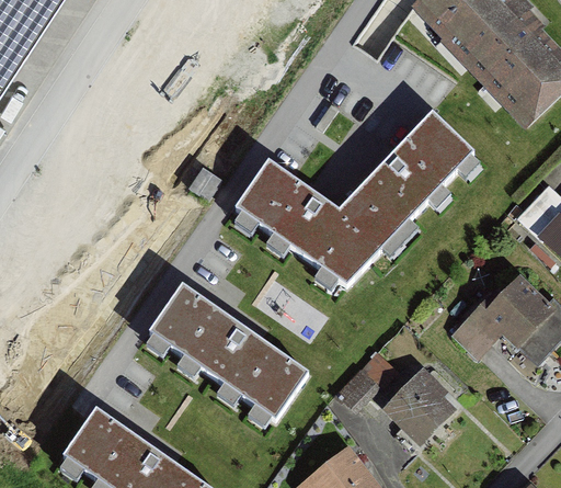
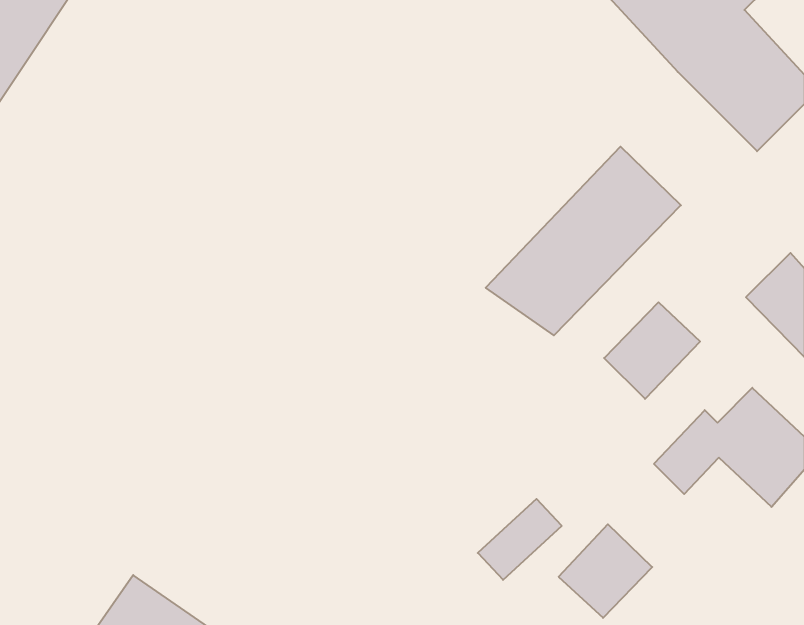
building: [236,160,387,285] -> none
building: none -> [604,302,700,399]
building: [149,284,309,419] -> none

